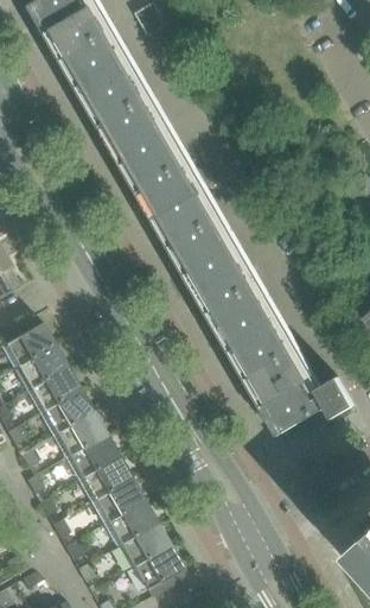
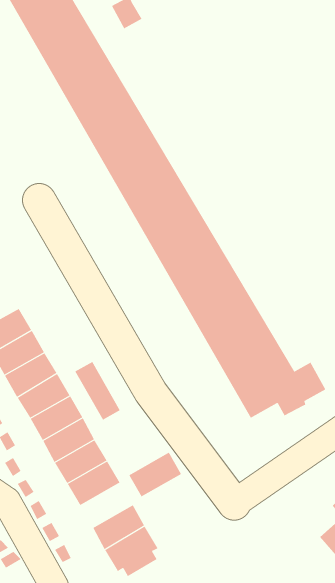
building: none -> [75,361,121,420]
building: [103,500,158,546] -> [129,452,182,497]

